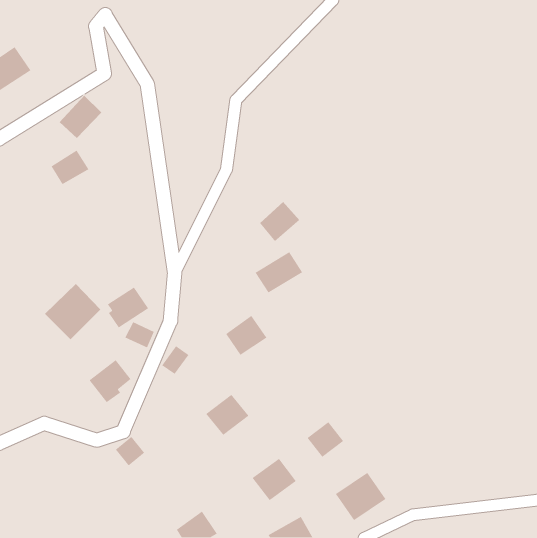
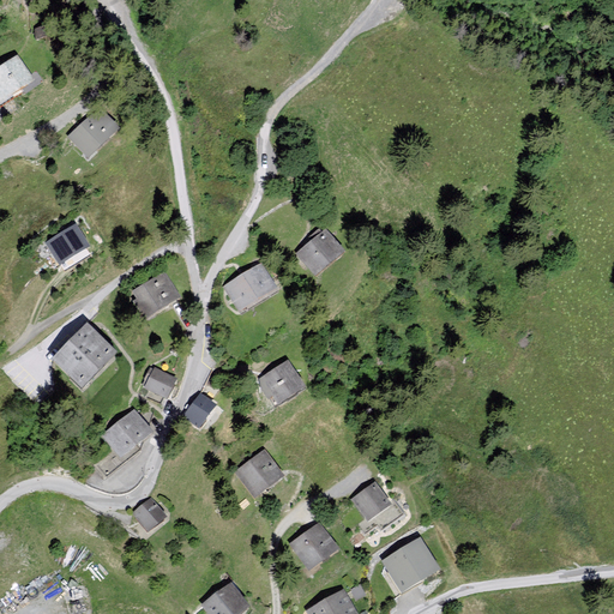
building: [50,149,89,185] -> [44,223,89,264]
building: [255,251,303,293] -> [221,263,276,311]
building: [107,286,149,329] -> [131,271,179,319]

